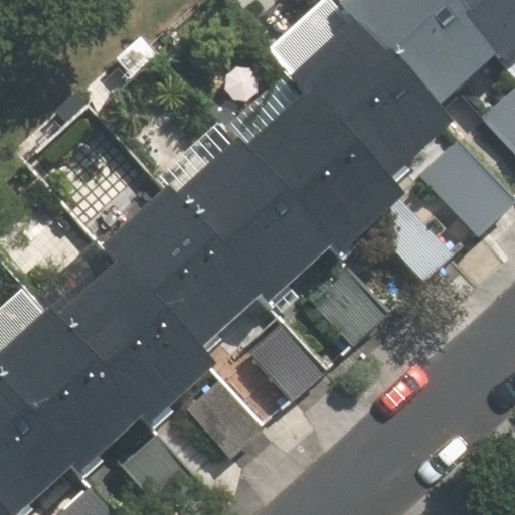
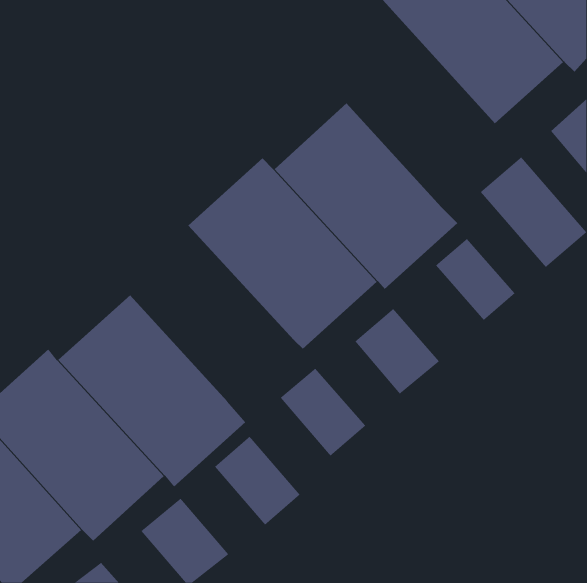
building: [290,19,449,181] -> none
building: [99,188,256,351] -> none

